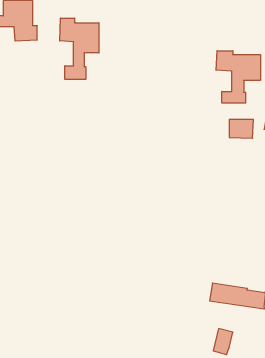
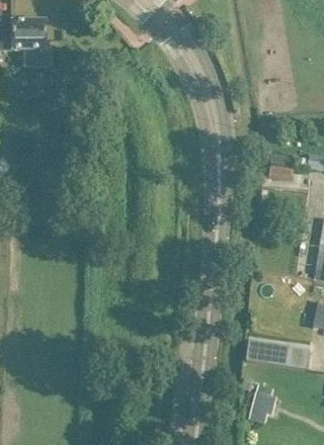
building: [60,18,99,79] -> none
building: [216,51,260,103] -> none

